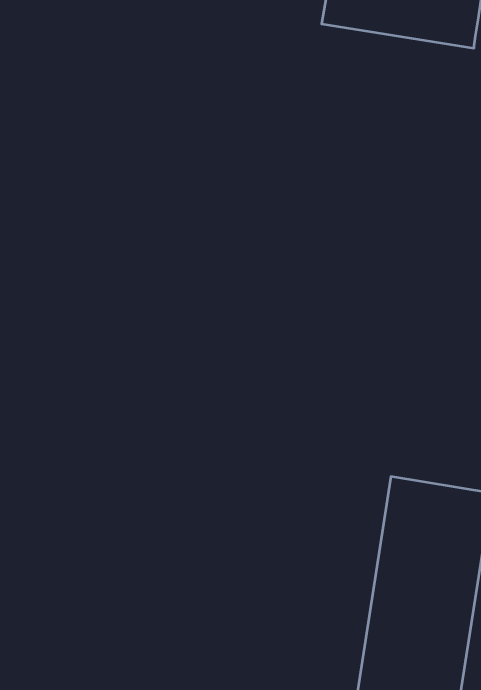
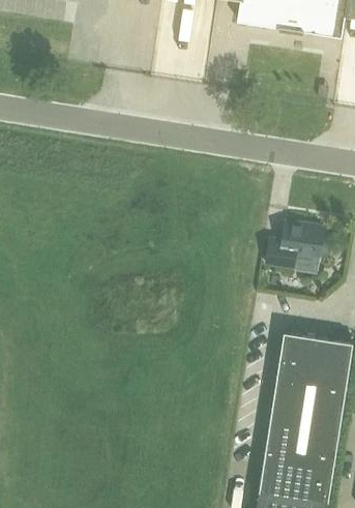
building: none -> [265,223,328,269]

